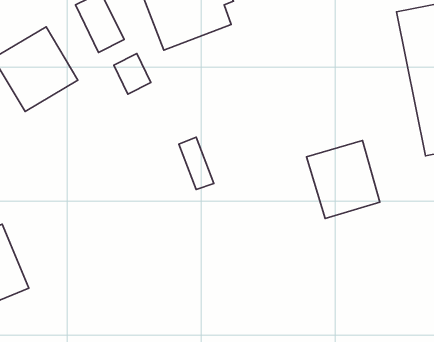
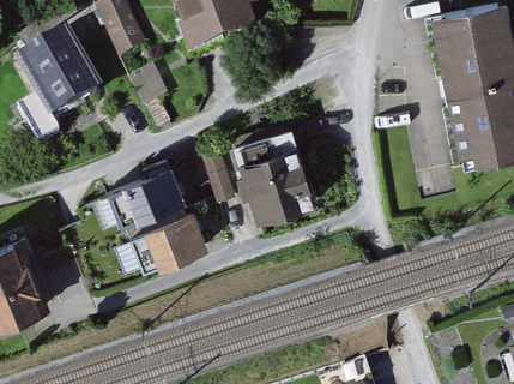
building: [307,141,380,218] -> [242,134,318,215]
building: none -> [115,156,204,265]

